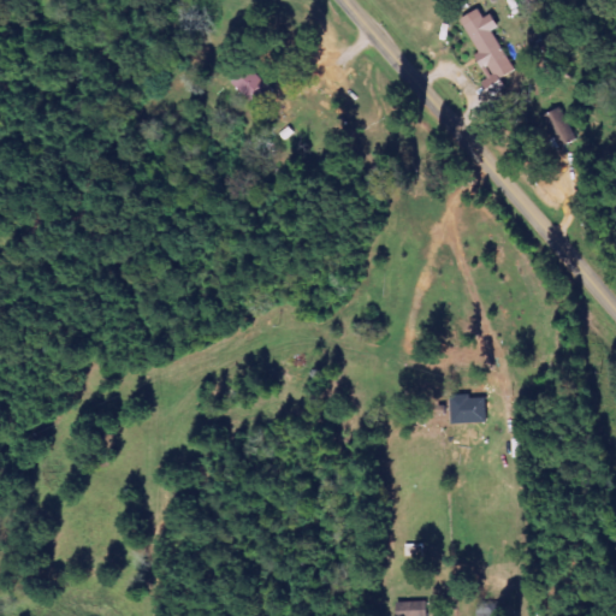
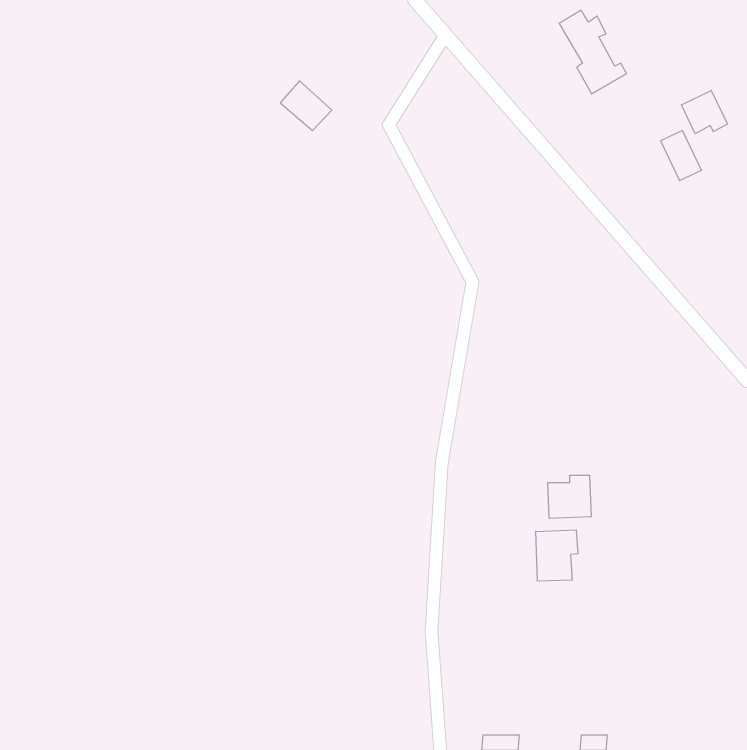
building: none -> [681,90,727,134]
building: none -> [536,530,578,581]

